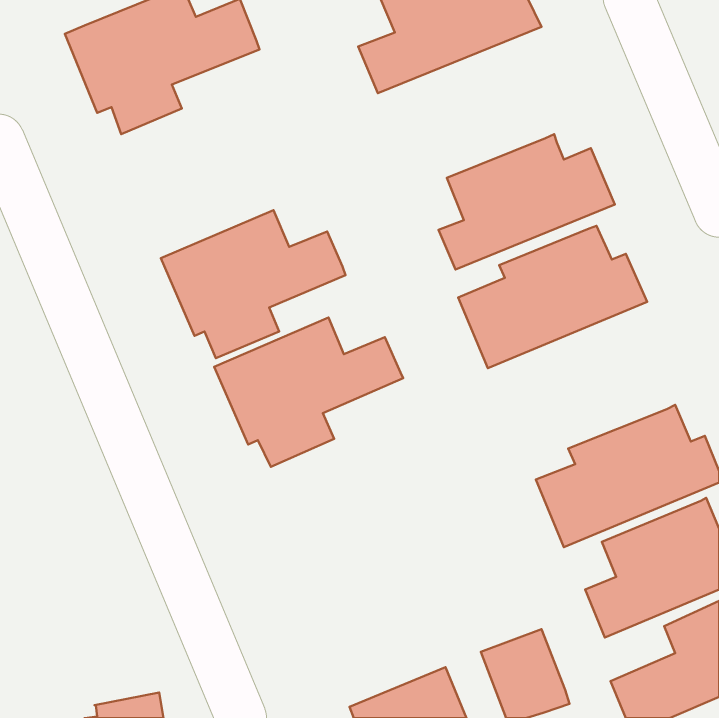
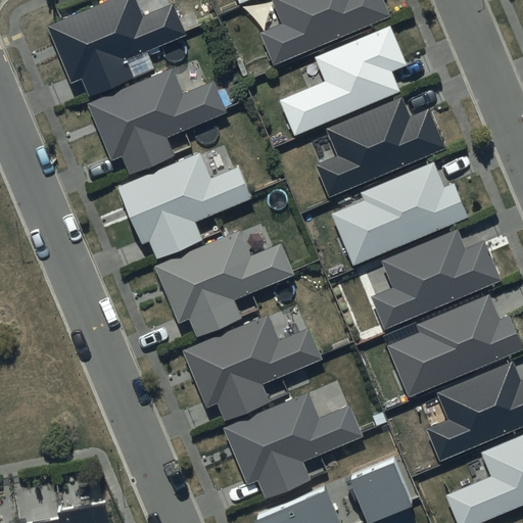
building: none -> [281,25,407,135]
building: none -> [87,67,225,174]
building: none -> [370,231,497,329]
building: none -> [182,314,319,420]
building: none -> [225,393,363,500]

